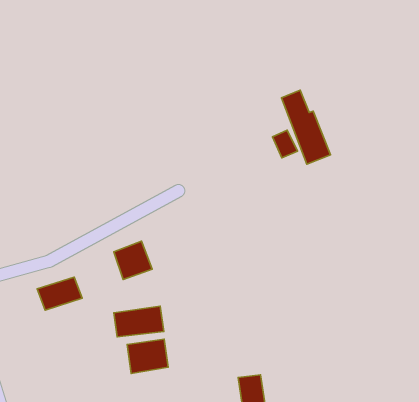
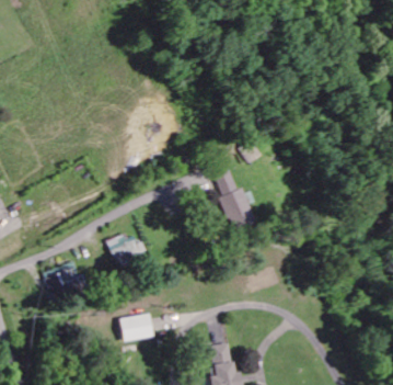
building: [282,90,330,164] -> [215,170,255,231]
building: [114,306,164,337] -> none

